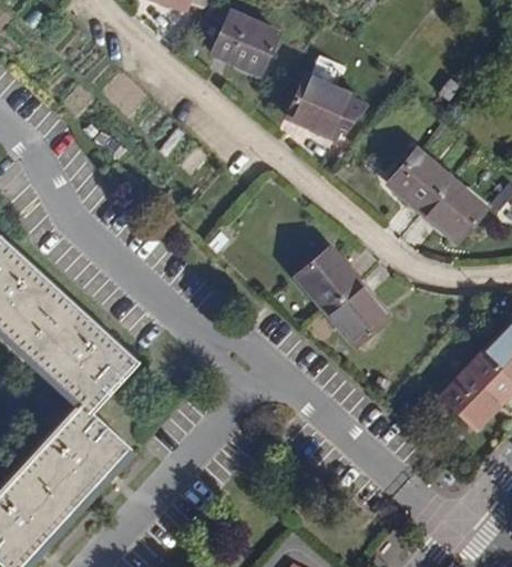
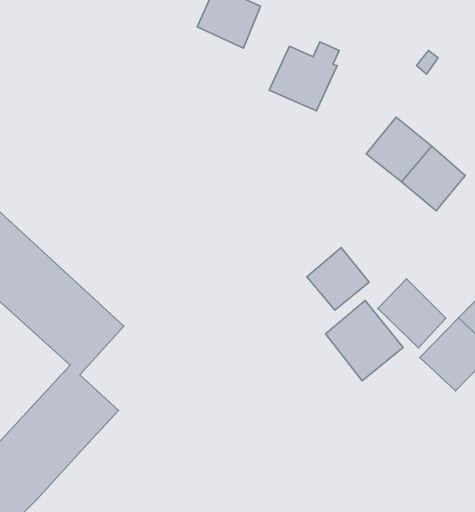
building: [295,247,360,311] -> none
building: none -> [378,279,446,348]
building: none -> [325,301,403,381]

